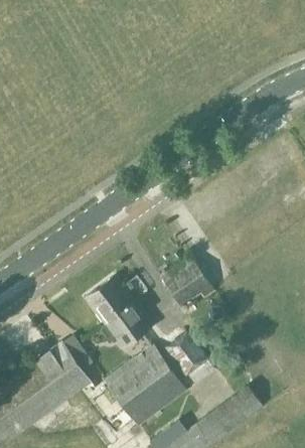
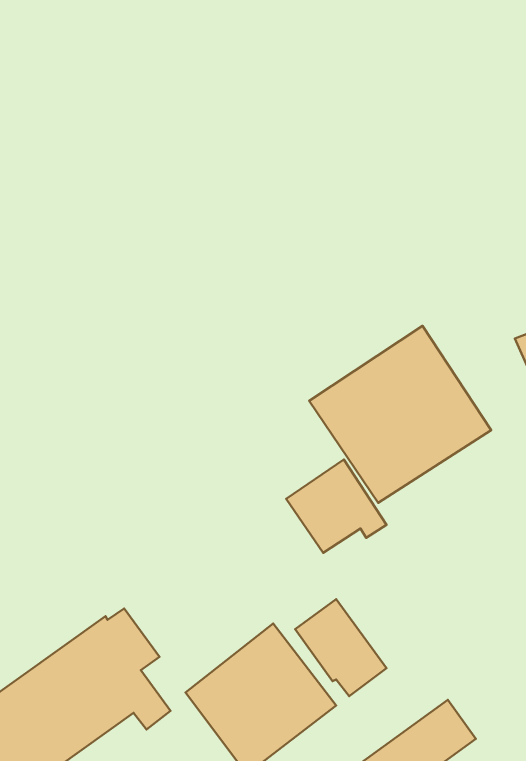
building: none -> [309,326,491,503]
building: [86,276,152,347] -> none

